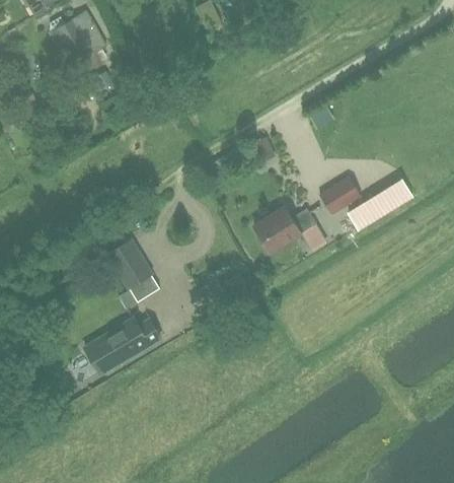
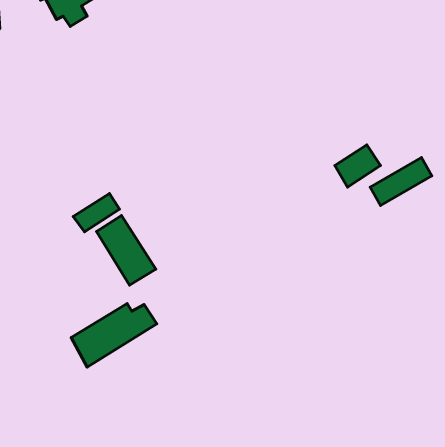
building: [254,205,317,251] -> none
building: none -> [73,193,119,232]

